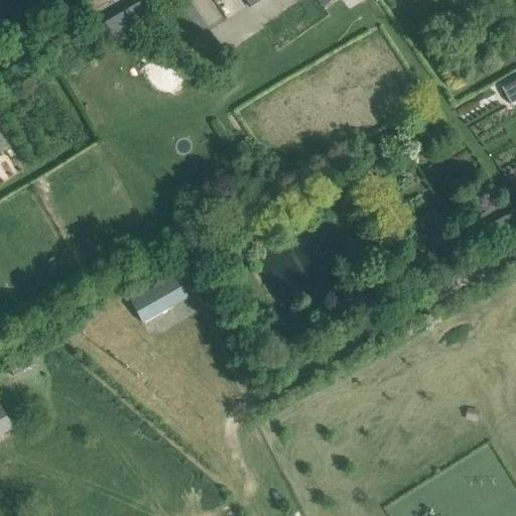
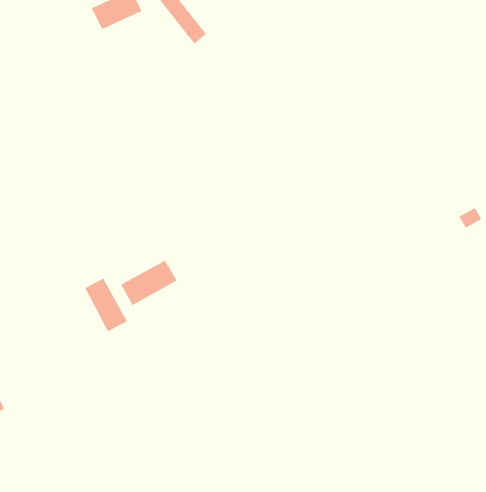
building: none -> [85,278,128,332]

